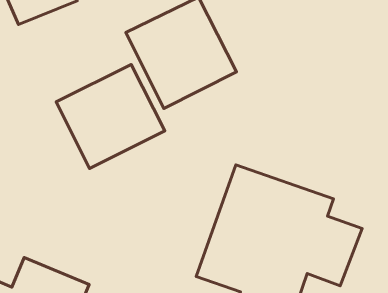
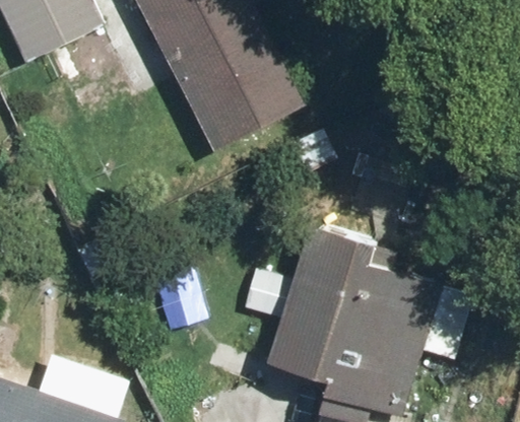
building: [56,65,165,169] -> none

